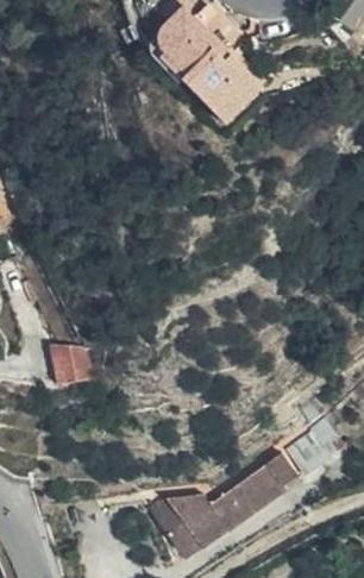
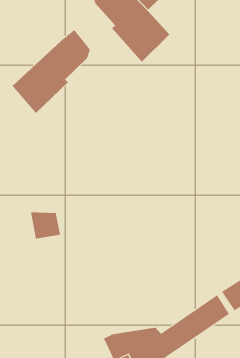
building: none -> [12,29,90,114]

